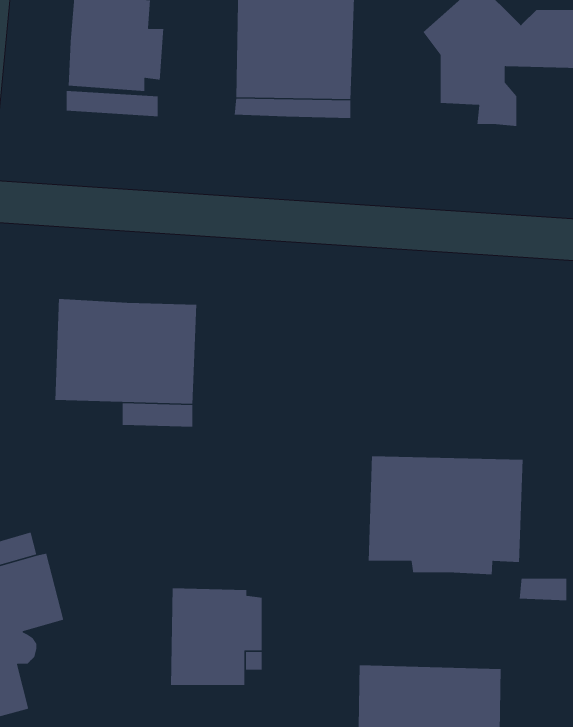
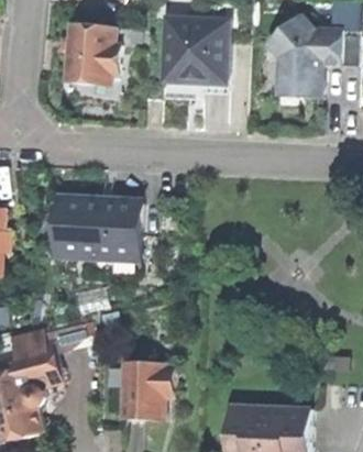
building: [368,456,523,575] -> none

